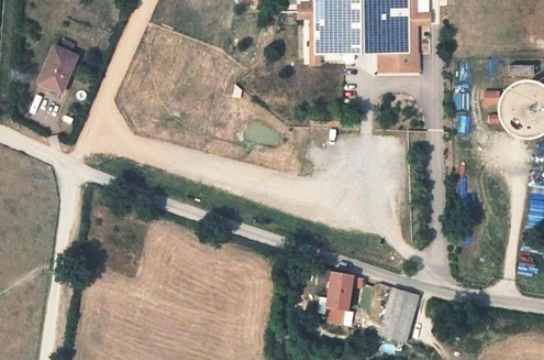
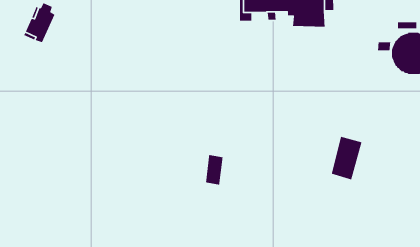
building: [329,271,352,310] -> [205,154,223,186]
building: [379,287,419,343] -> [331,136,362,180]

